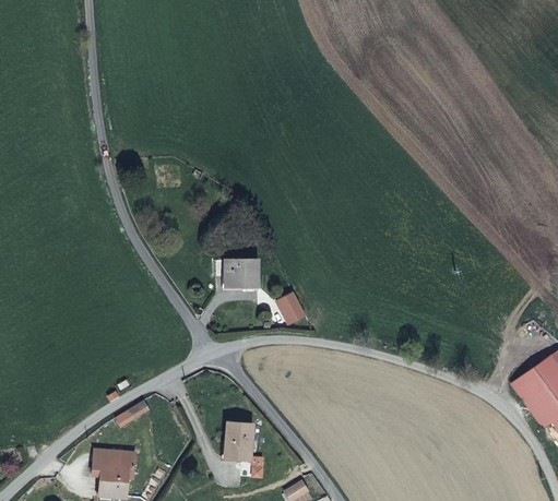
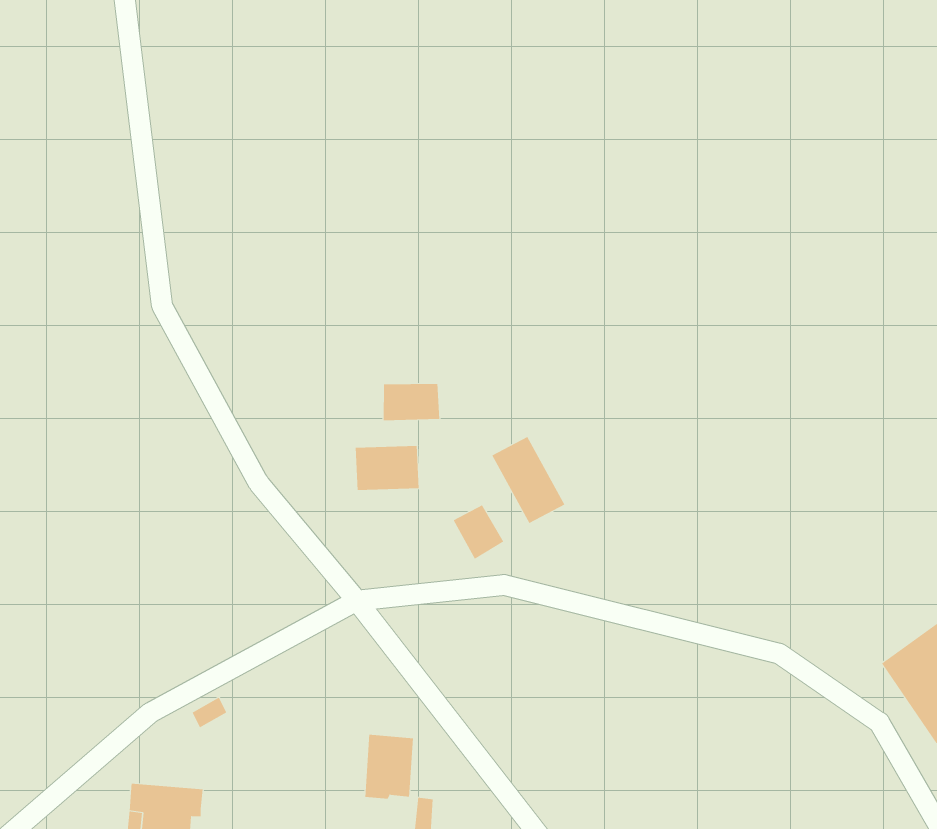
building: none -> [383,383,440,421]
building: none -> [492,436,565,524]

